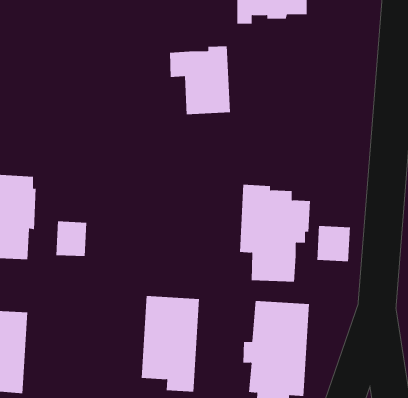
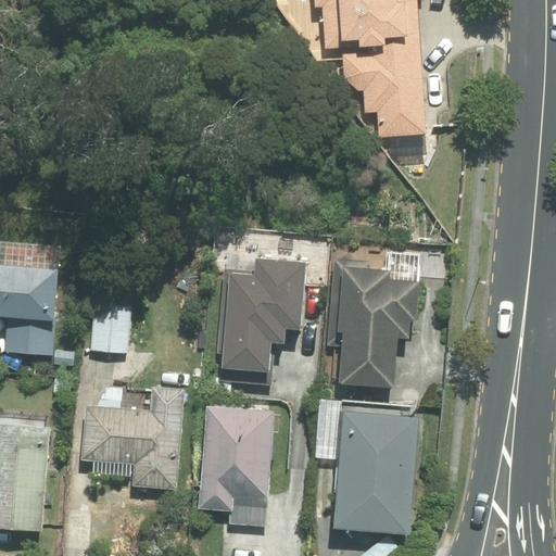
building: [169,46,231,115] -> [341,46,421,136]
building: none -> [223,255,307,384]
building: [317,225,351,262] -> none
building: none -> [80,387,181,489]

